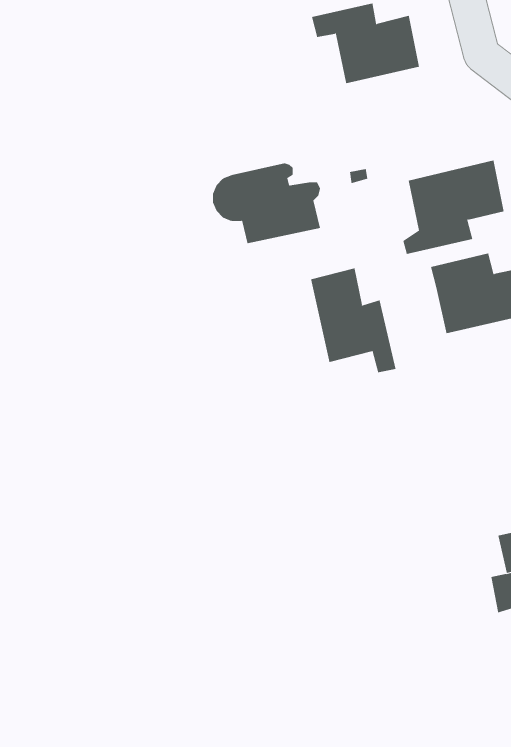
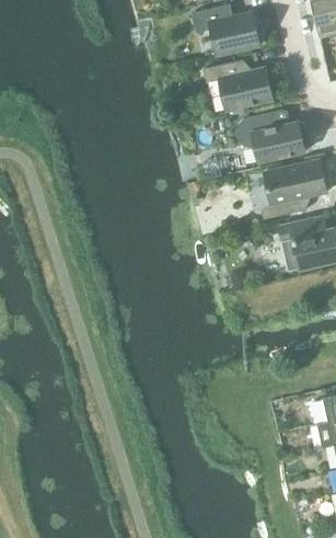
building: [212,163,321,244] -> [235,110,304,161]
building: [311,267,396,373] -> none

